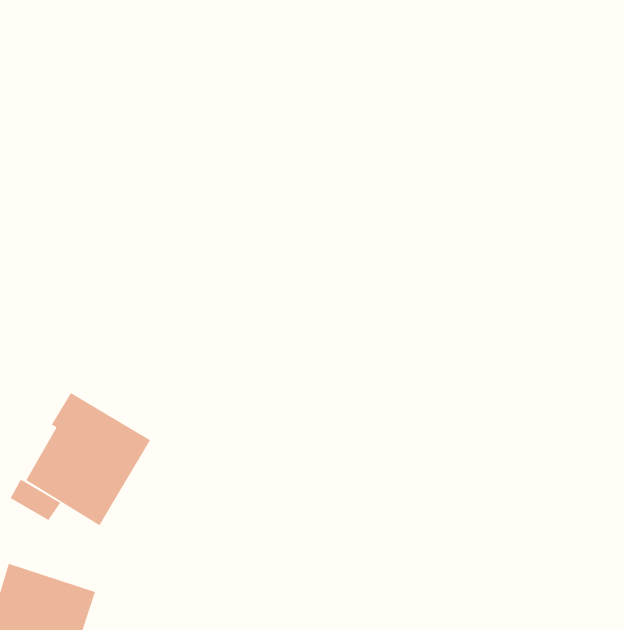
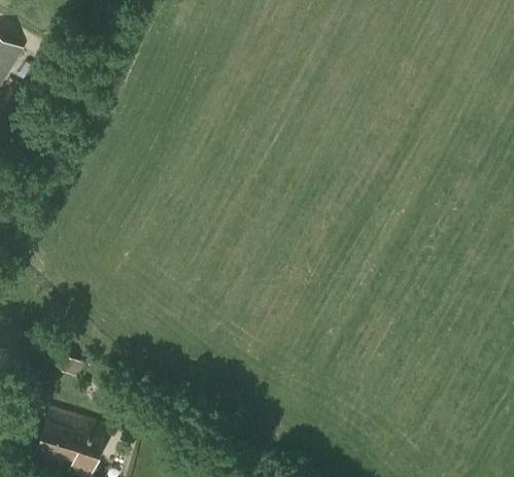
building: [25,392,151,526] -> none

